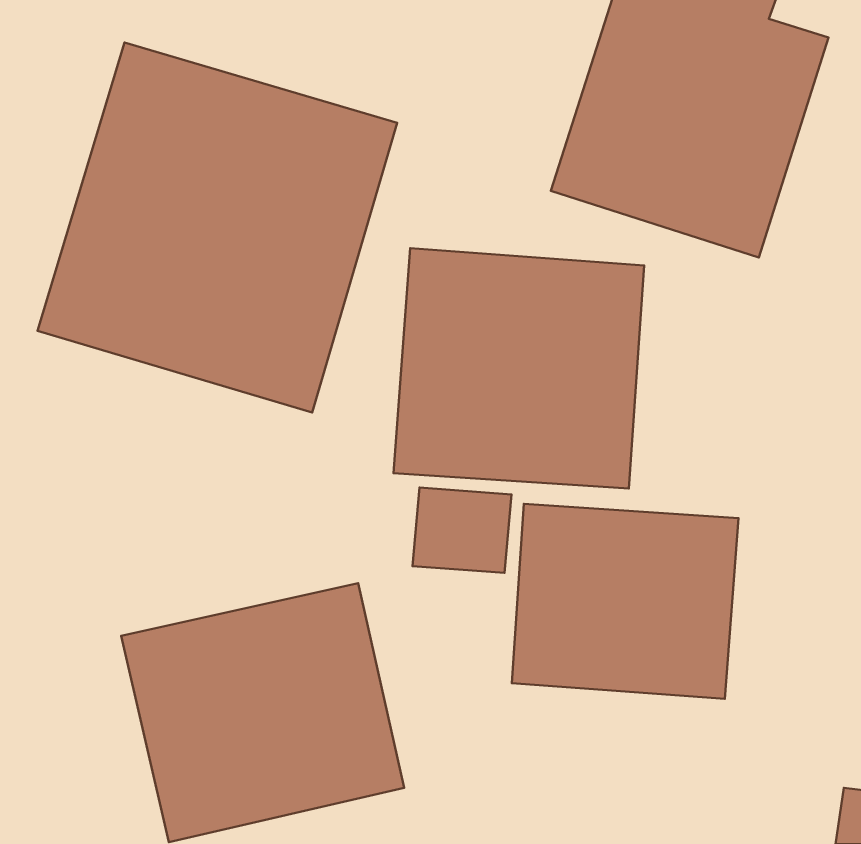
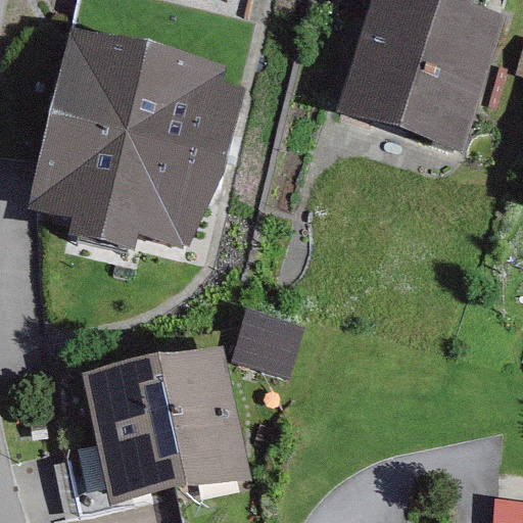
building: [394,248,644,489] -> none
building: [512,504,738,699] -> none

